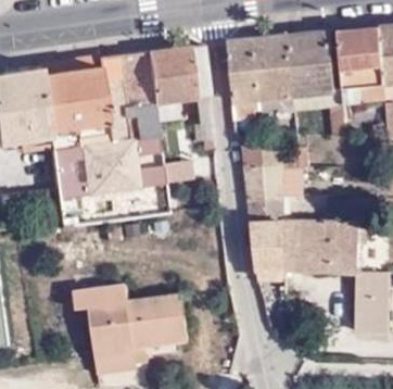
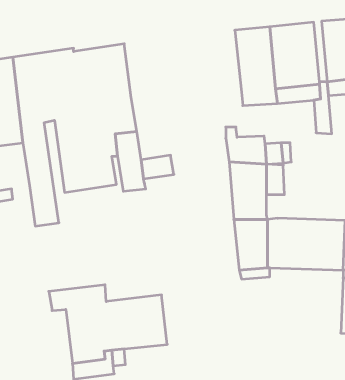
building: [227,39,258,101] -> none
building: [145,45,215,150] -> none
building: [89,192,169,224] -> none

